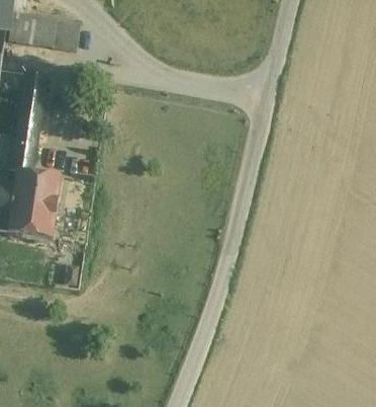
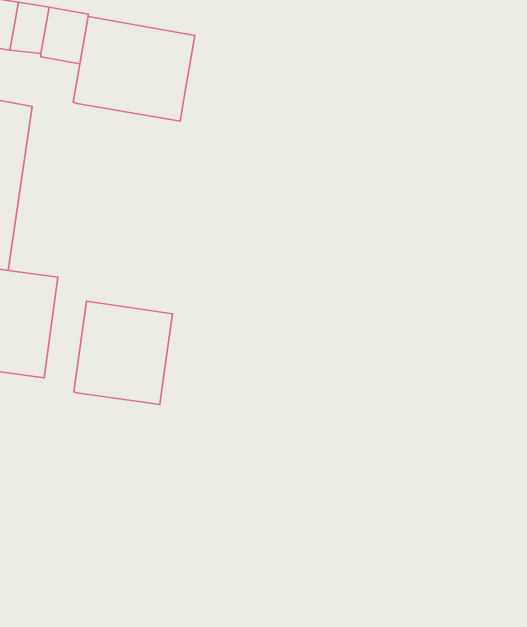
building: none -> [73,16,195,121]
building: none -> [74,301,173,404]

